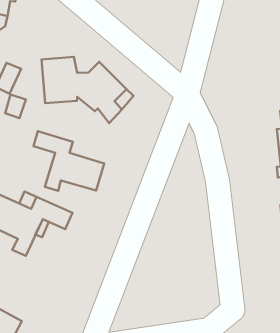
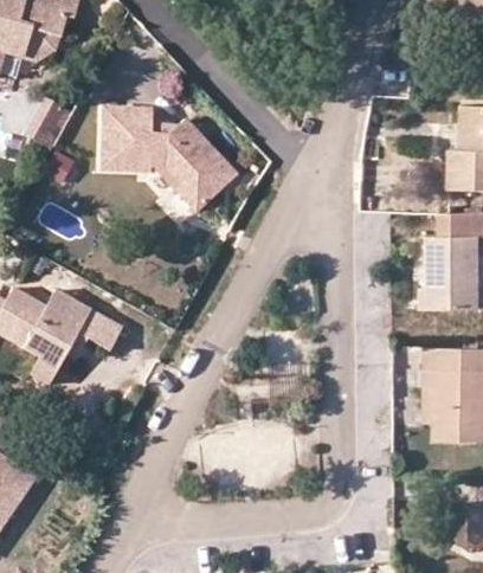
building: [33,131,104,191] -> none

